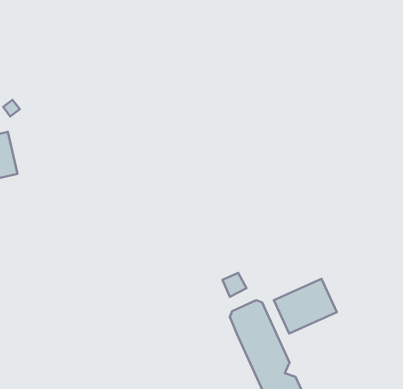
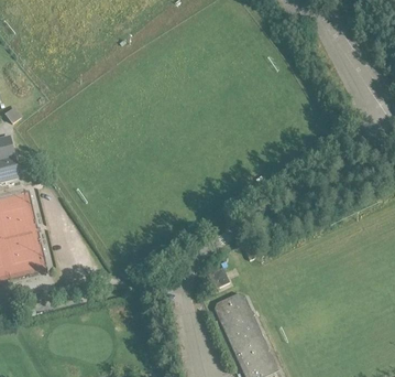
building: [274,279,337,334] -> none

